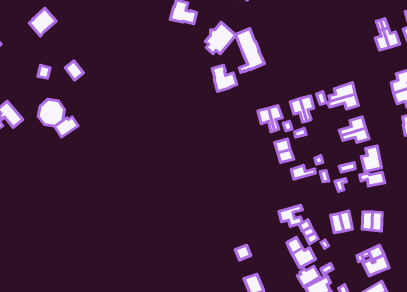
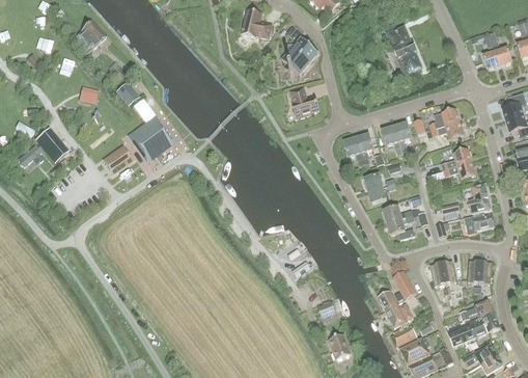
building: [236,28,265,72] -> [388,26,422,78]
building: [38,99,65,126] -> [136,122,167,154]
building: [279,205,302,226] -> [387,214,415,239]
building: none -> [447,320,476,345]

